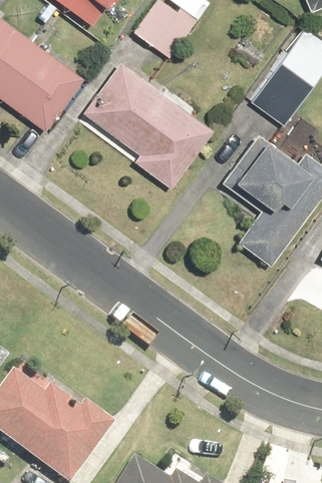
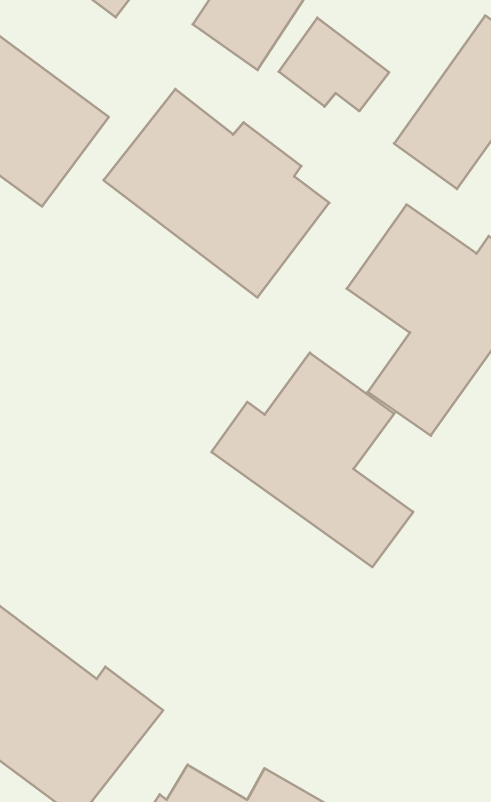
building: none -> [279,18,389,111]
building: none -> [212,353,413,567]

